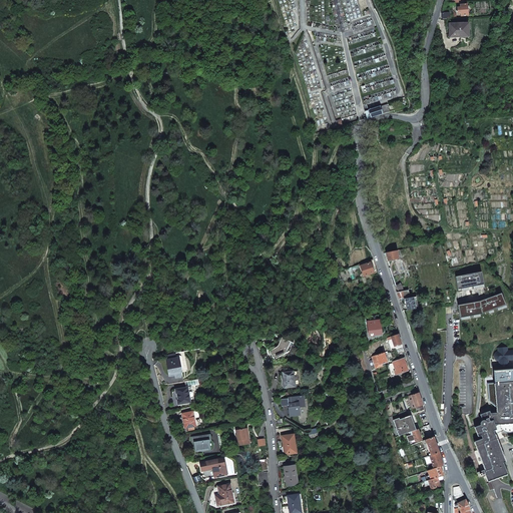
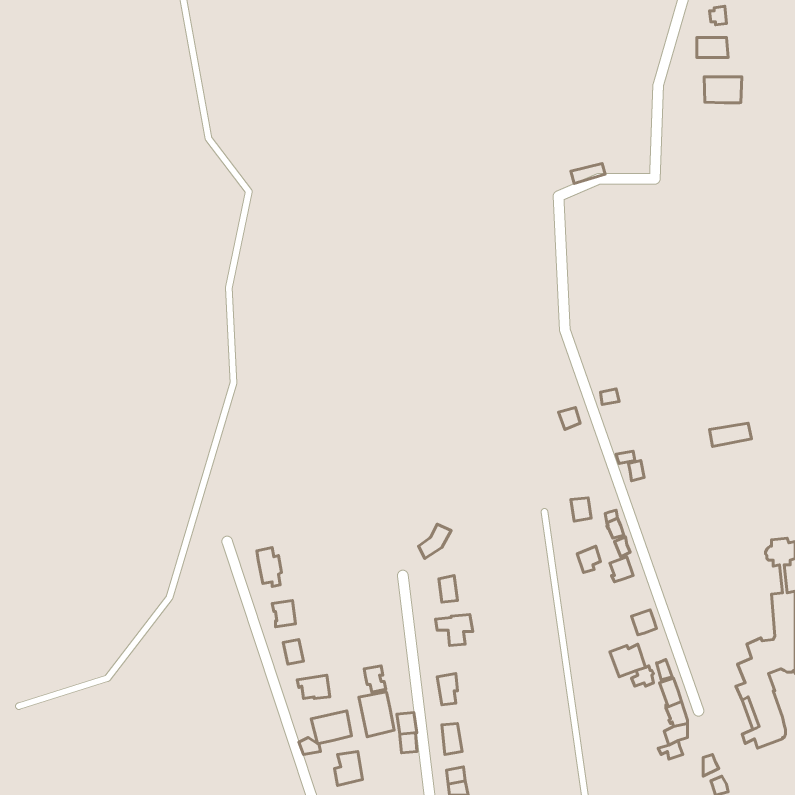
building: none -> [704,77,742,103]
building: [458,294,505,317] -> none
building: none -> [359,692,394,737]

